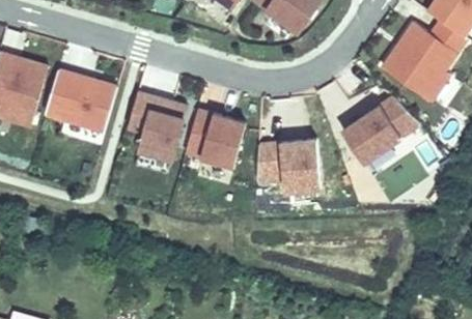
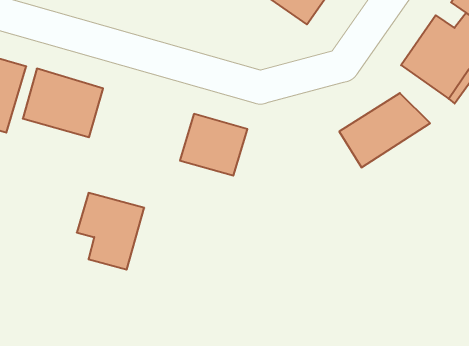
building: [129,93,189,162] -> [77,193,144,270]
building: [244,130,308,182] -> none

